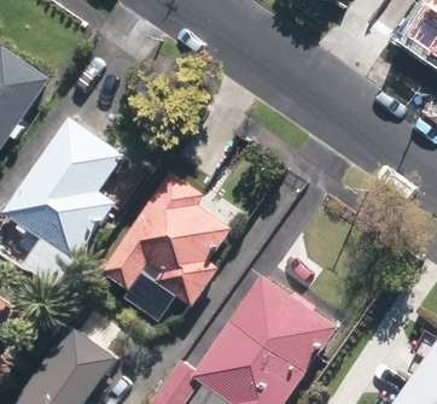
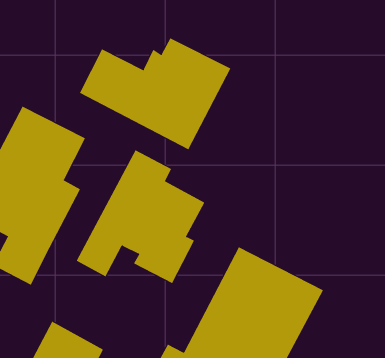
building: none -> [79,38,231,150]

